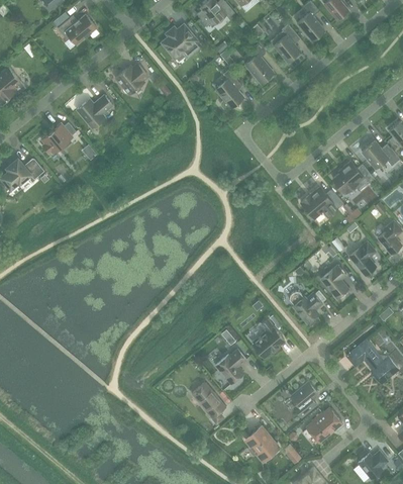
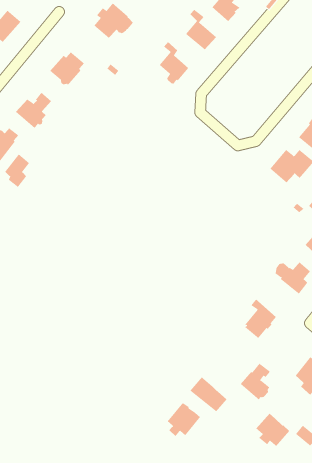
building: none -> [5,154,30,188]
building: [216,348,246,382] -> [240,363,271,400]
building: none -> [167,402,201,437]

